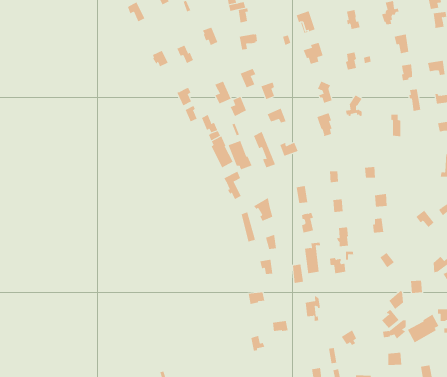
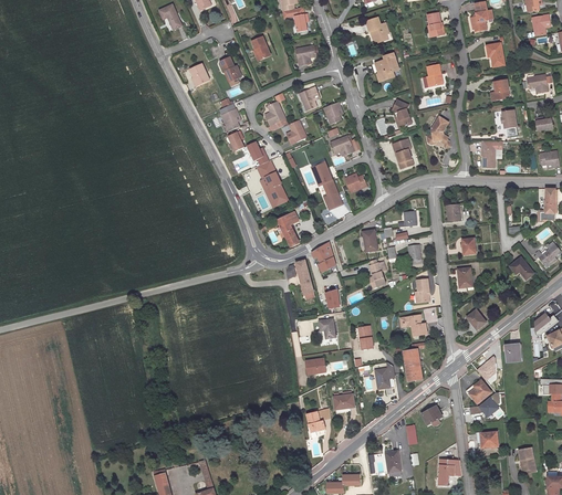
building: [228,140,252,170] -> none
building: [304,242,321,274] -> [406,344,427,382]
building: [407,314,439,343] -> none

